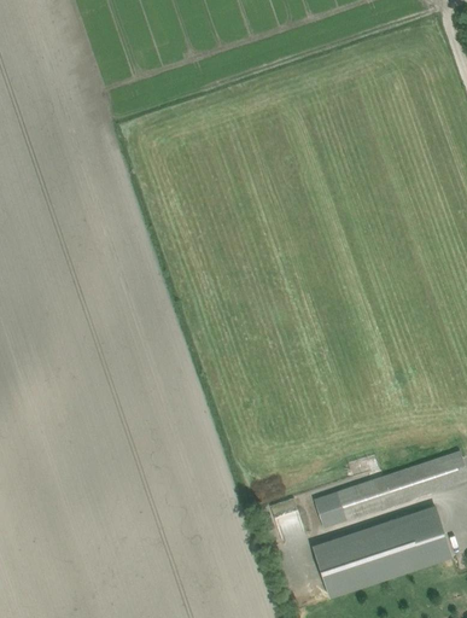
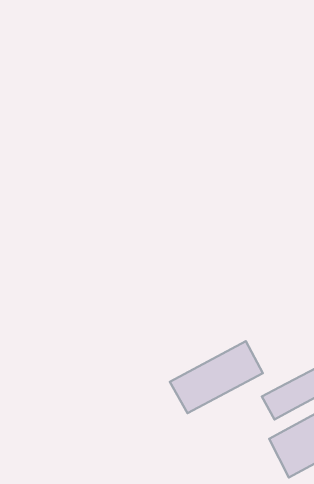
building: none -> [170,341,263,413]

